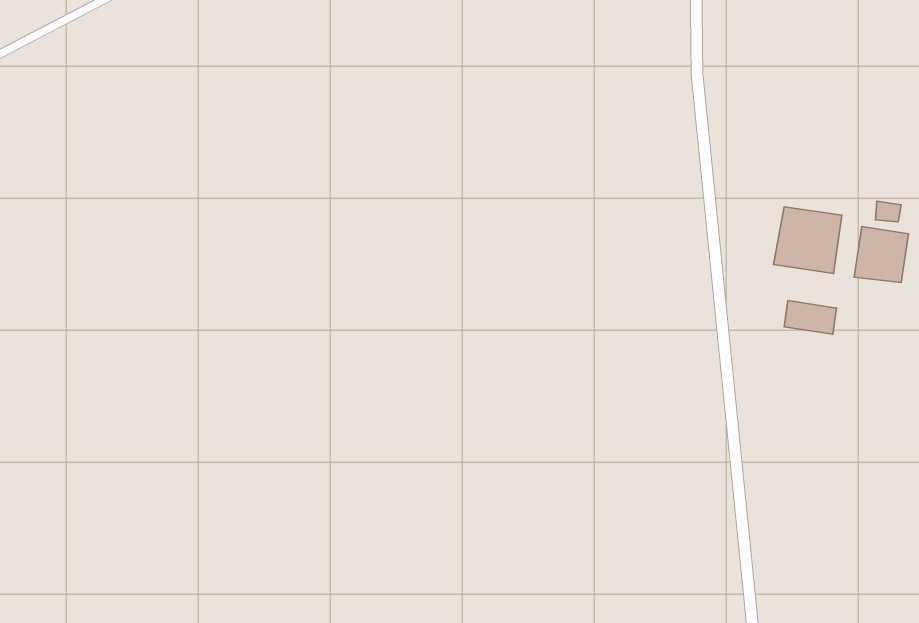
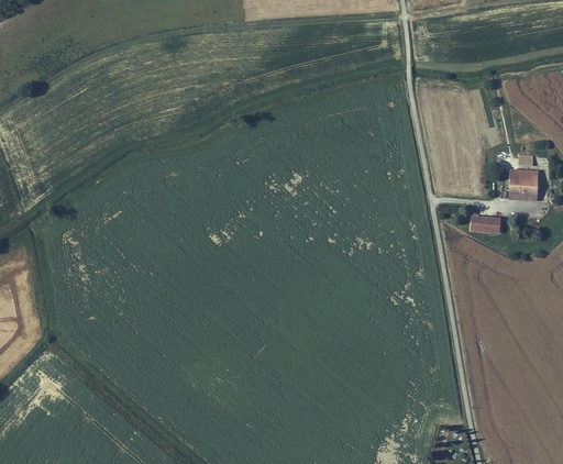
building: [773,207,842,273] -> none

